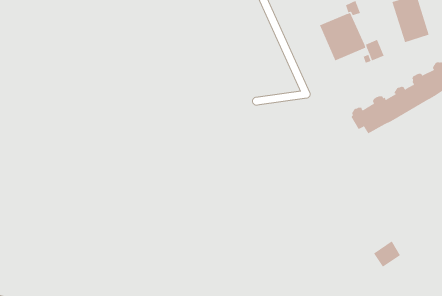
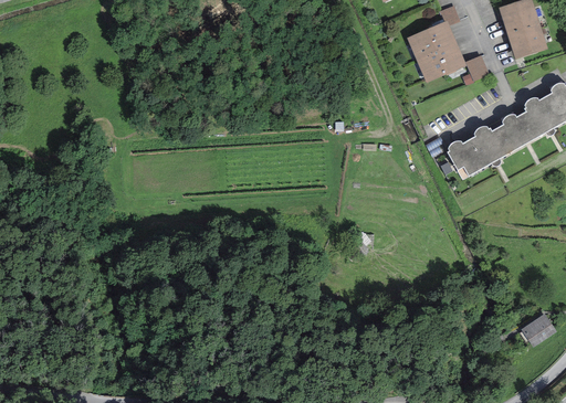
building: [373,240,401,267] -> [521,312,556,347]

